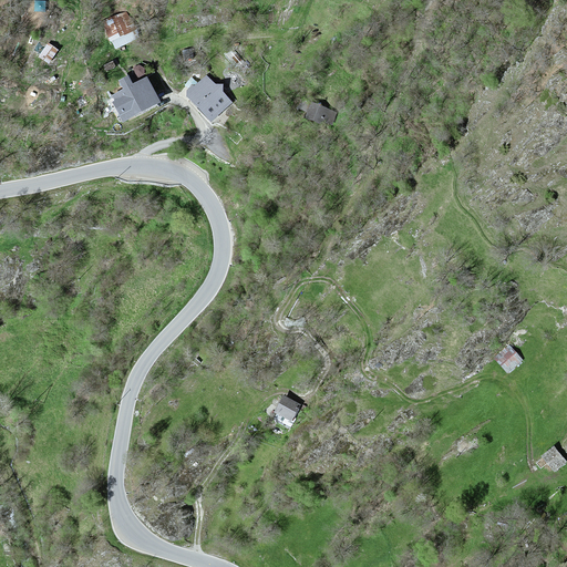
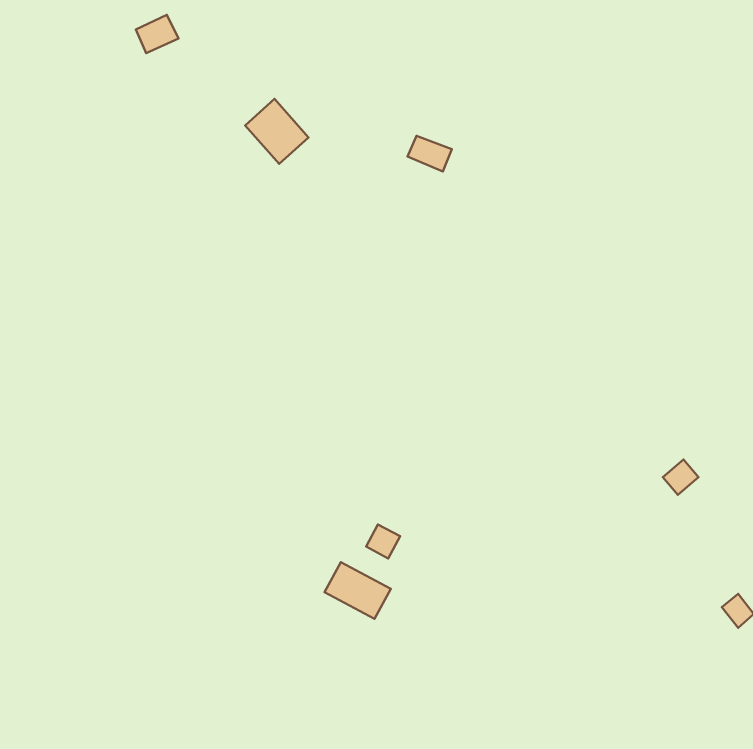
building: [109,75,159,122] -> none
building: none -> [325,562,391,619]

